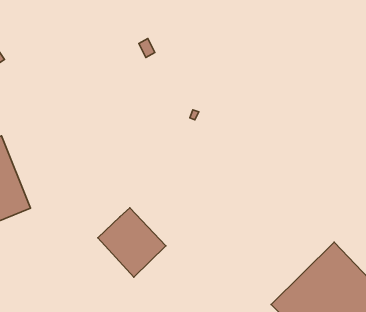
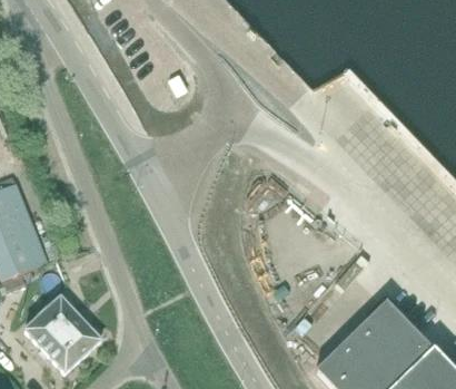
building: [98,208,166,277] -> [24,296,100,373]

